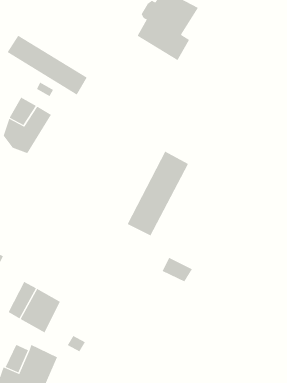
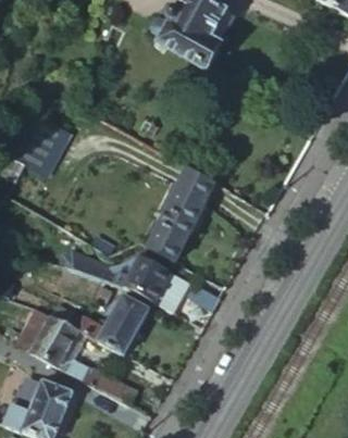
building: [7,35,88,96] -> none
building: none -> [84,255,185,311]
building: none -> [75,295,147,354]

